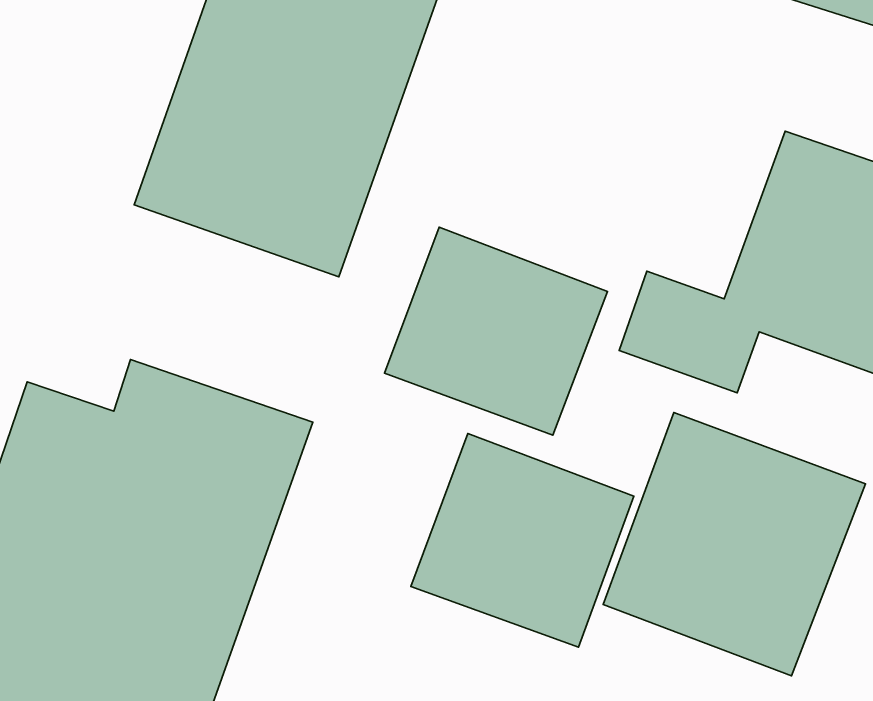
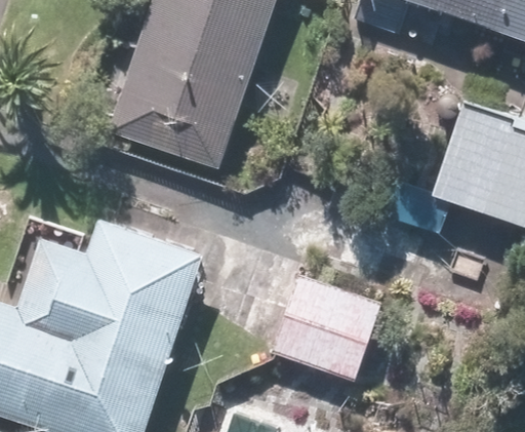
building: [385,227,608,435] -> none
building: [603,412,865,676] -> none

